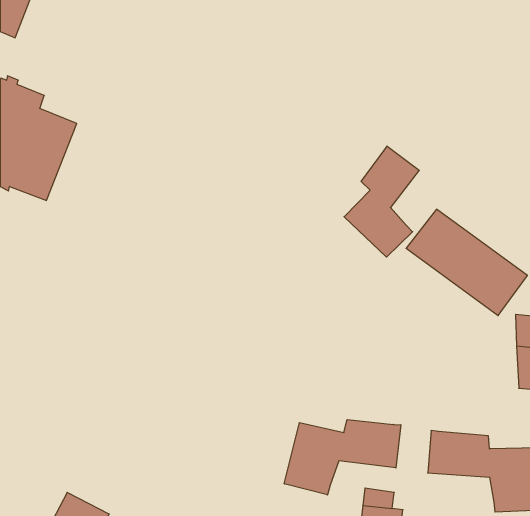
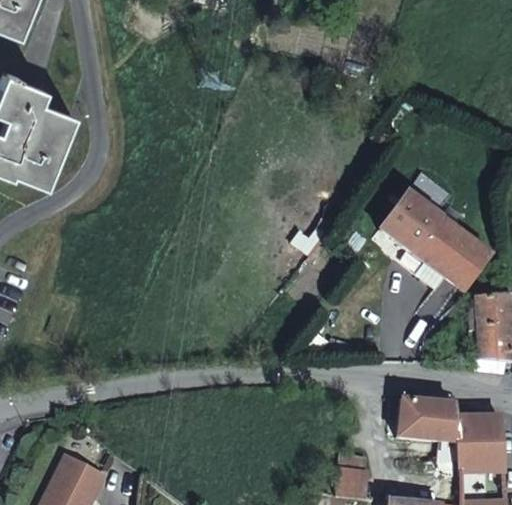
building: [344,146,419,257] -> none
building: [284,420,401,495] -> none

